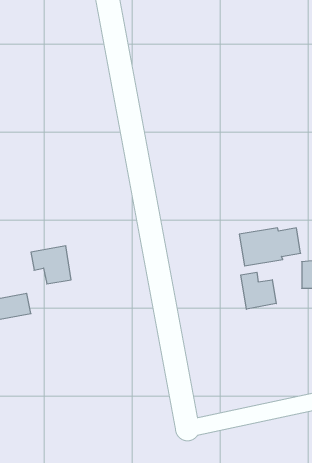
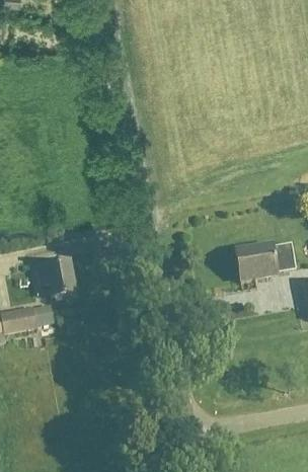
building: [241,272,276,309] -> none

